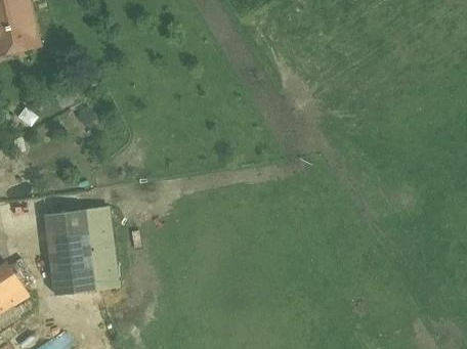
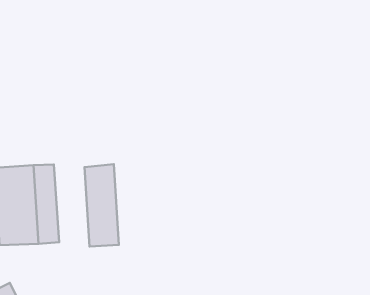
building: none -> [84,164,119,247]

